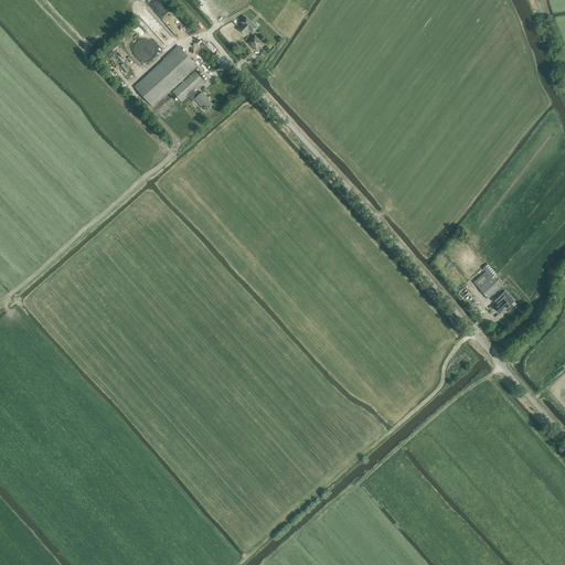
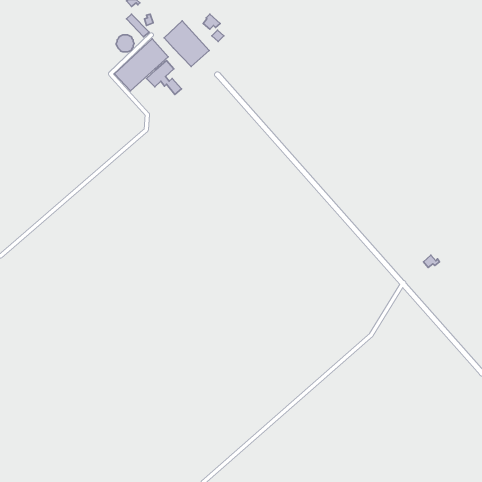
building: none -> [164,21,209,67]
building: [472,263,499,298] -> none

